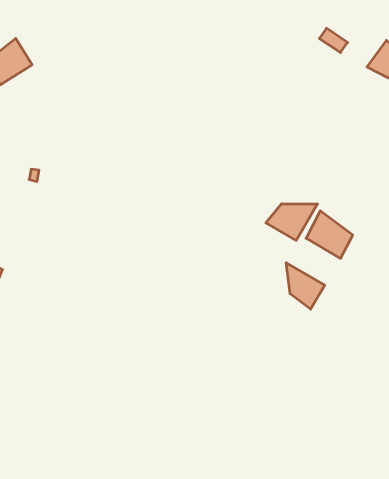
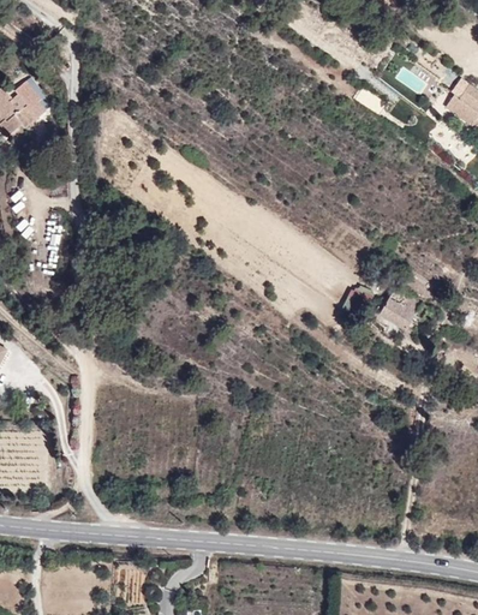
building: [266,204,318,240] -> none
building: [286,263,325,309] -> none

